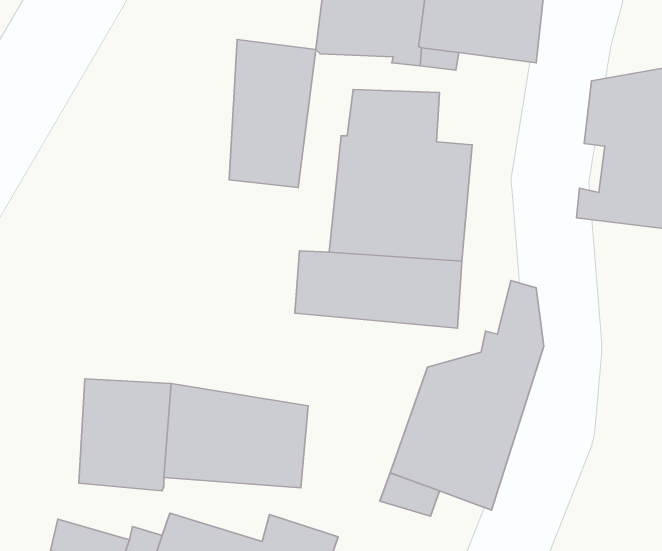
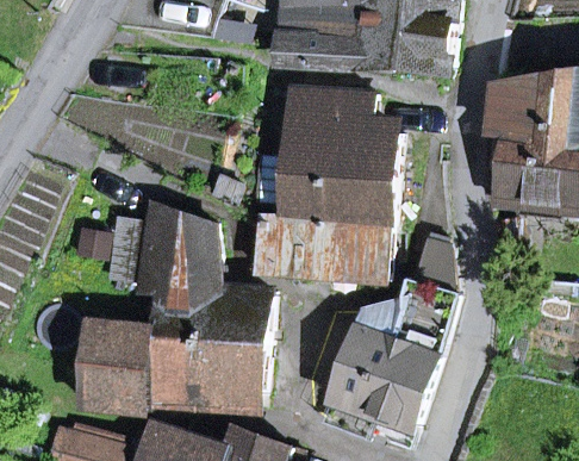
building: [229,40,316,188] -> none
building: none -> [107,199,270,341]

